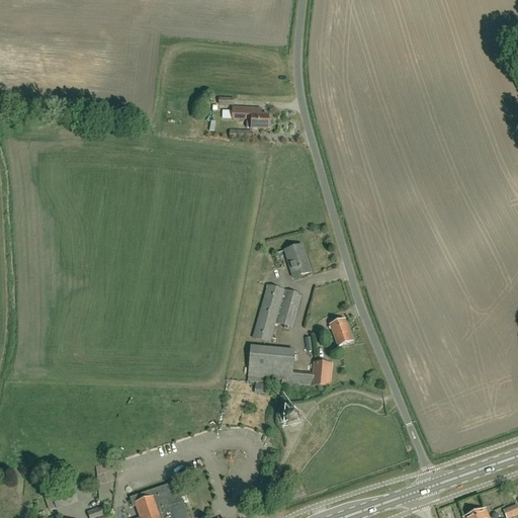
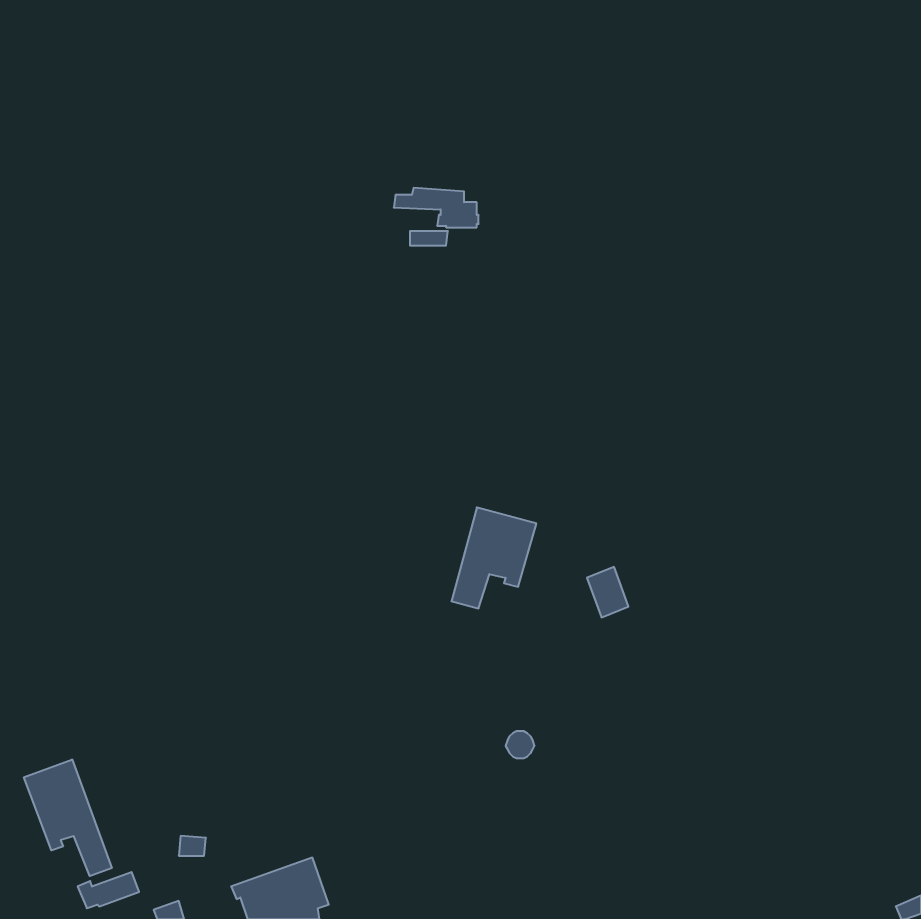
building: [284,244,310,276] -> none
building: [247,345,330,385] -> none
building: none -> [24,759,112,876]

